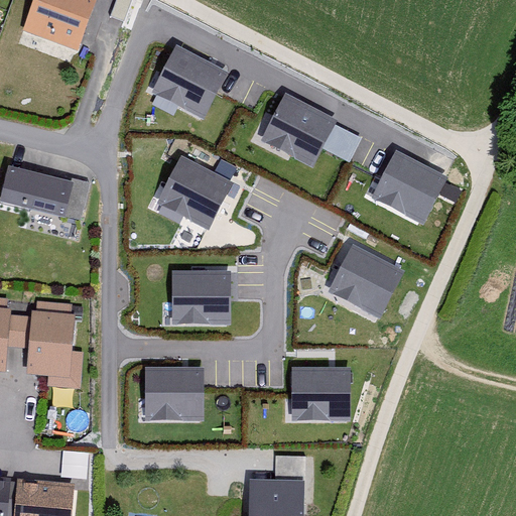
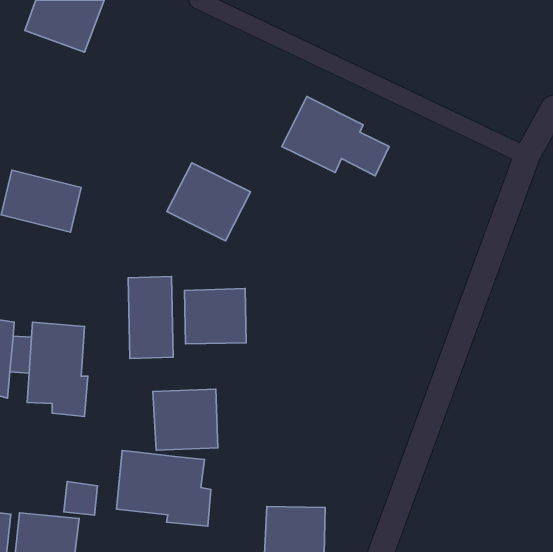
building: [163,57,223,119] -> none
building: [370,150,447,223] -> none
building: [328,243,406,317] -> none
building: none -> [128,276,173,358]
building: [289,367,349,419] -> none
building: none -> [117,450,211,526]

